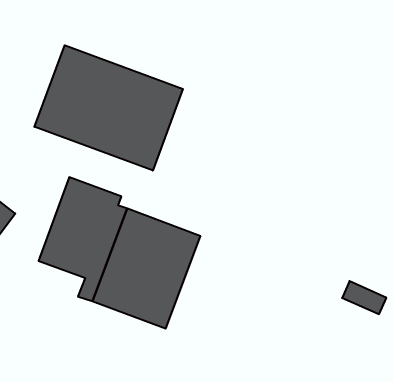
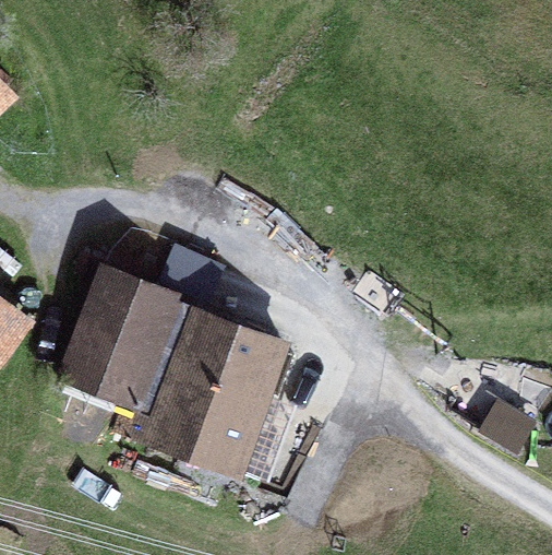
building: [34,45,183,171] -> none

